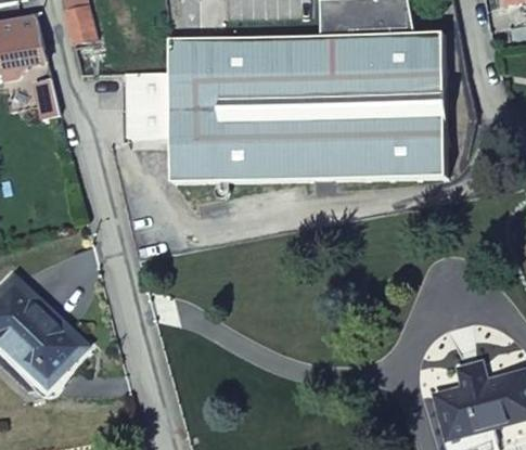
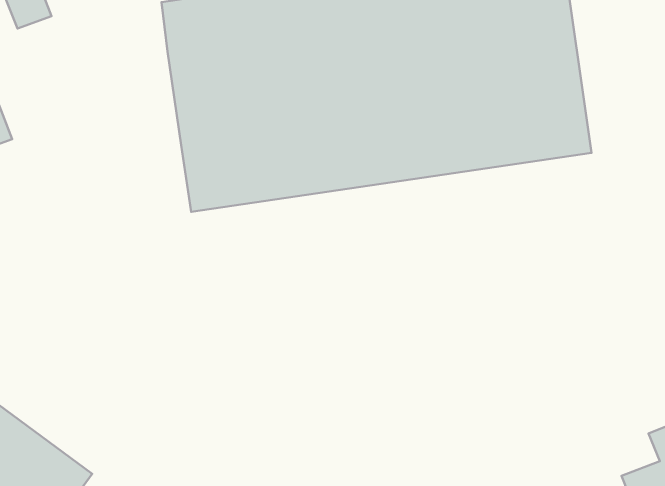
building: [124,70,170,136] -> none

